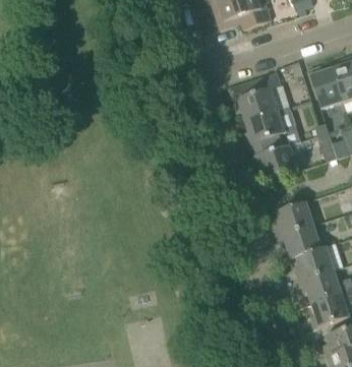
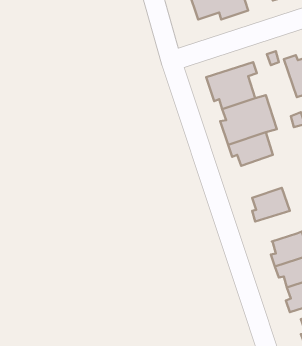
building: [278,224,320,258] -> none

